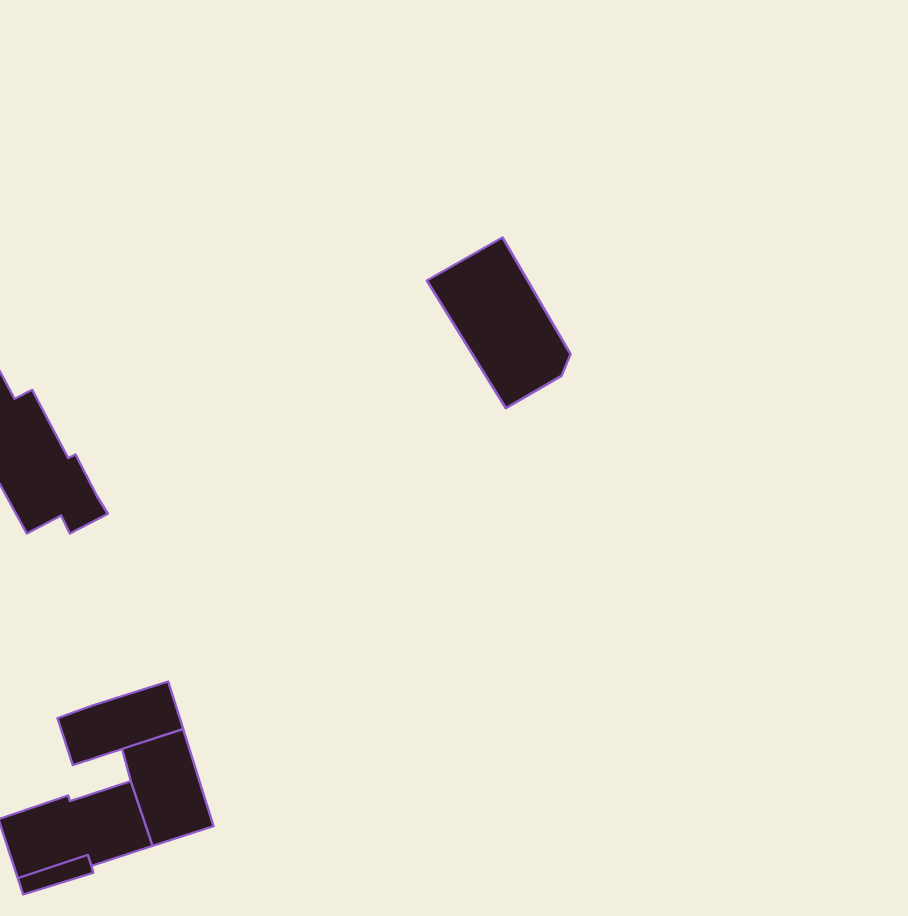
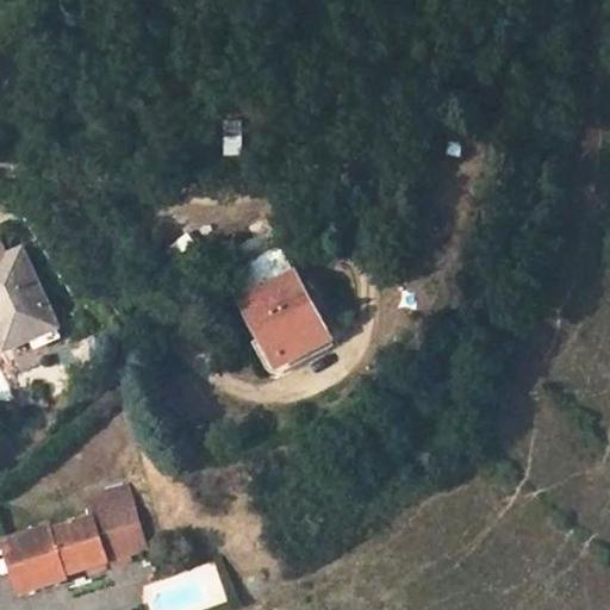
building: [427,237,571,408] -> [225,239,320,353]
building: [57,682,183,765] -> none

